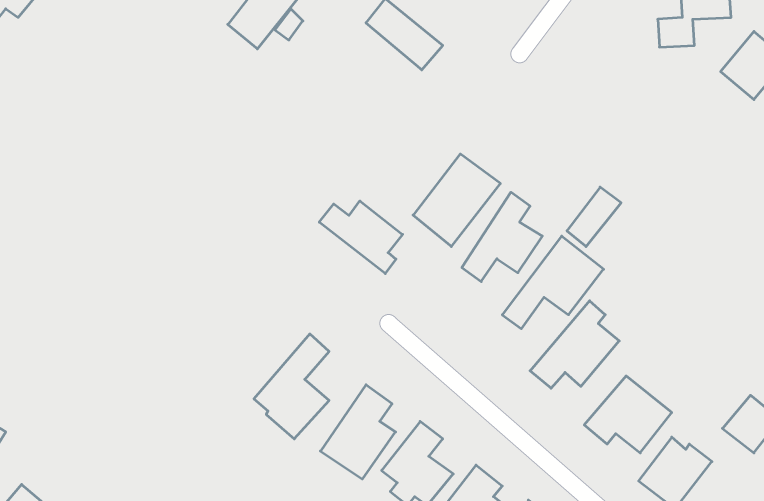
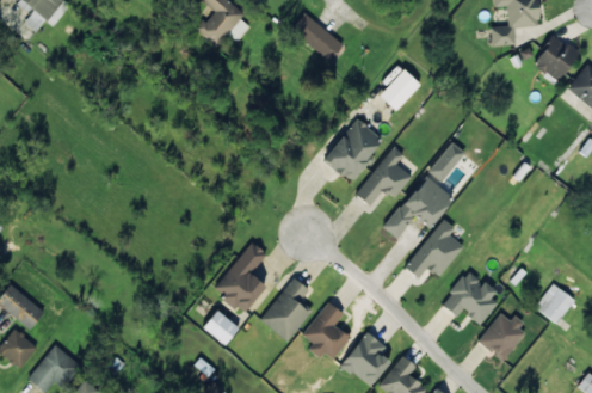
building: none -> [380,69,420,110]
building: [319,201,403,274] -> none
building: none -> [203,309,239,344]

